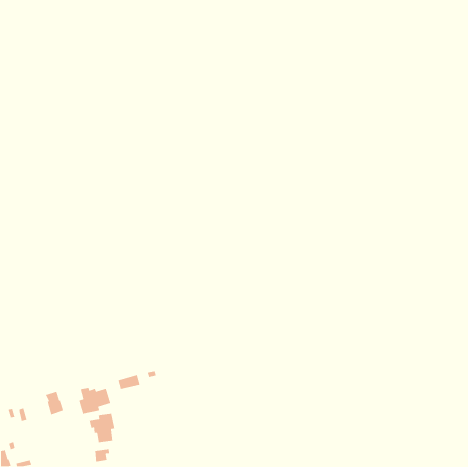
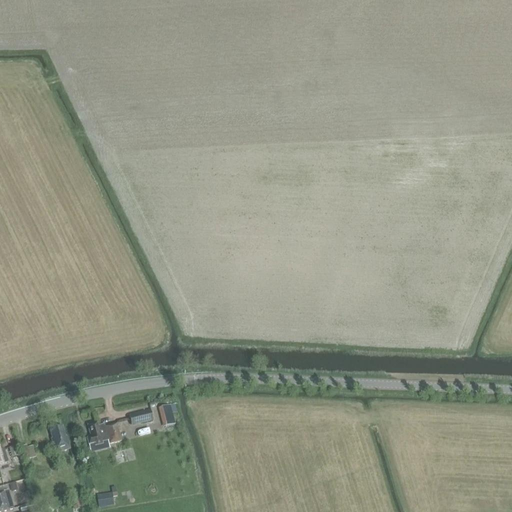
building: [89,413,115,443] -> none

